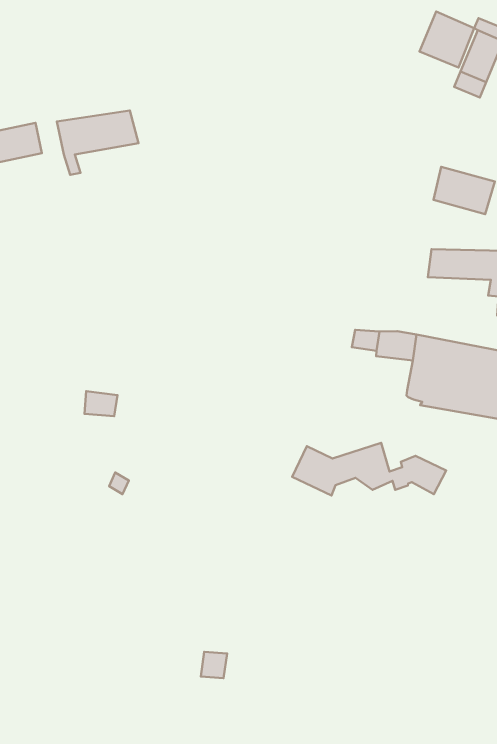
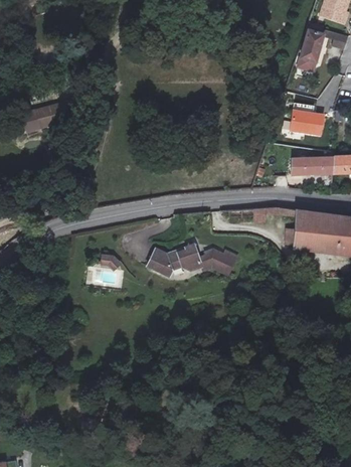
building: [419,11,474,67] -> none
building: [57,110,138,175] -> none
building: [292,443,446,496] -> [152,241,239,273]

